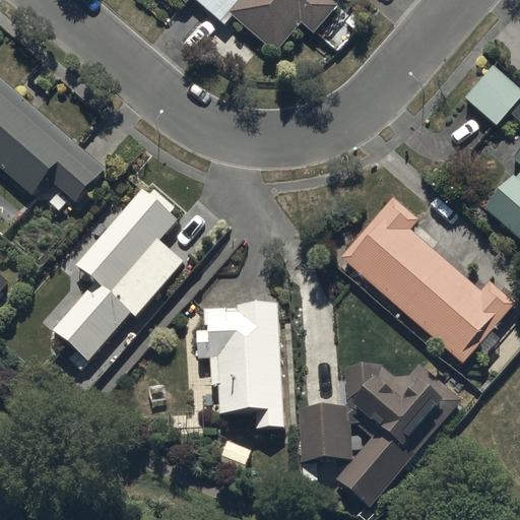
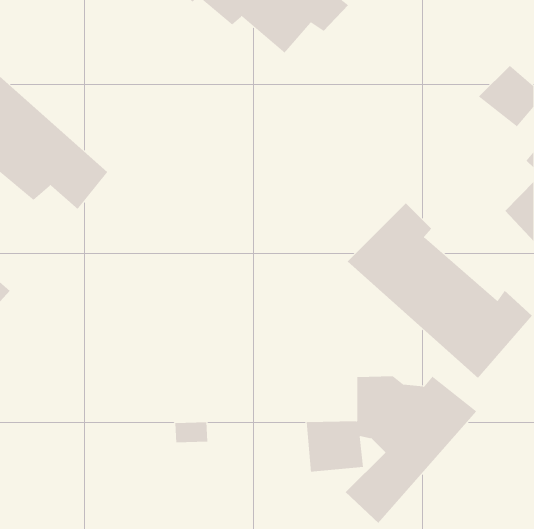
building: [52,186,181,362] -> none
building: [197,305,283,430] -> none

